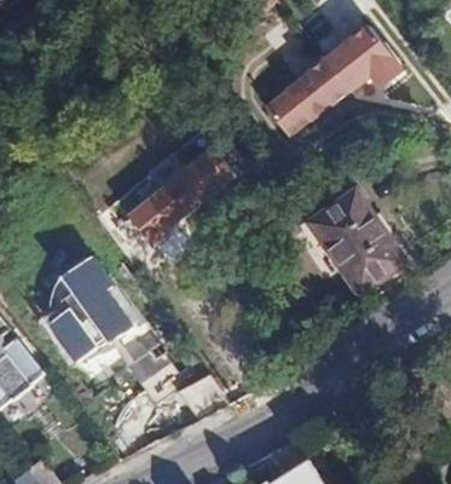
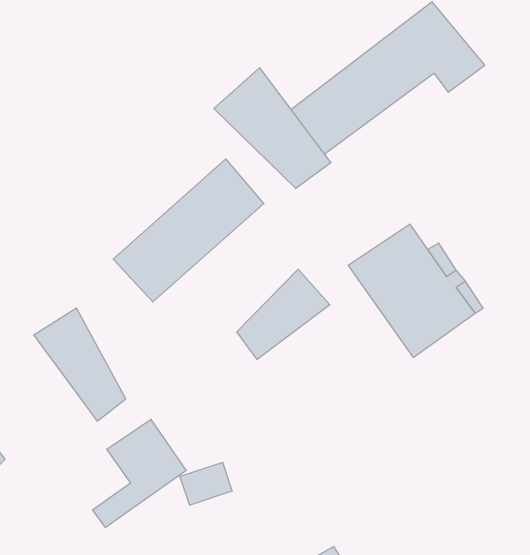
building: none -> [214,68,331,189]
building: none -> [237,269,330,359]
building: [46,302,98,362] -> none

